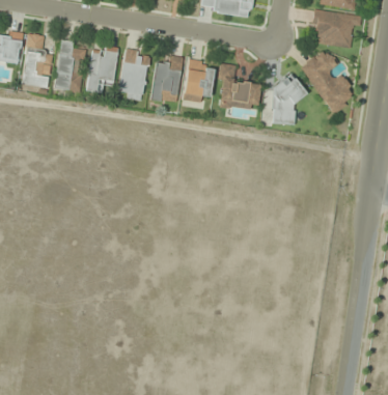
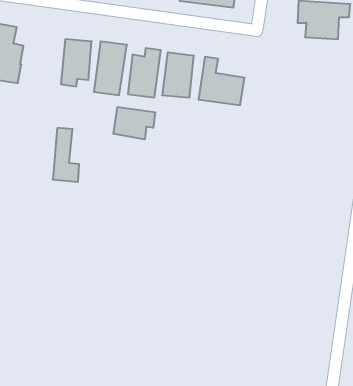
building: [56,39,81,90] -> [53,128,79,182]
building: [301,49,356,114] -> none
building: [273,79,303,121] -> none
building: none -> [113,107,155,139]

